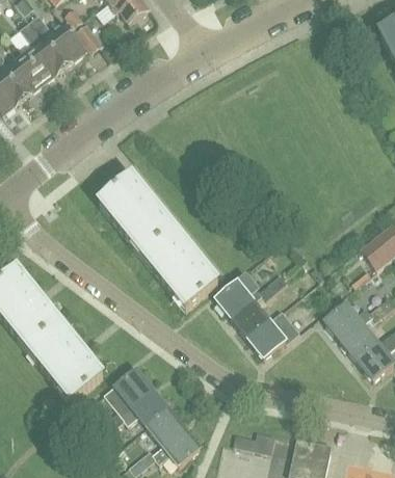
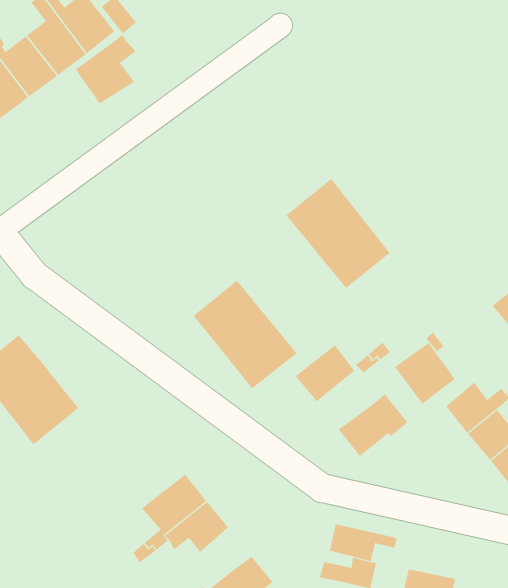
building: none -> [75,34,137,104]
building: [100,175,176,255] -> [286,178,390,289]
building: none -> [394,342,455,404]
building: [233,299,271,337] -> none
building: [28,321,104,401] -> none
building: none -> [329,524,397,562]
building: [149,407,186,445] -> none

